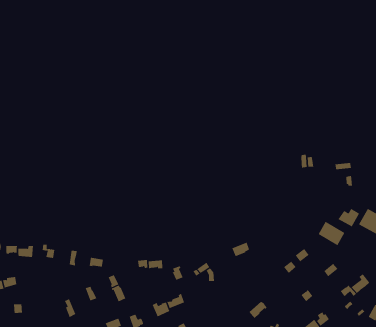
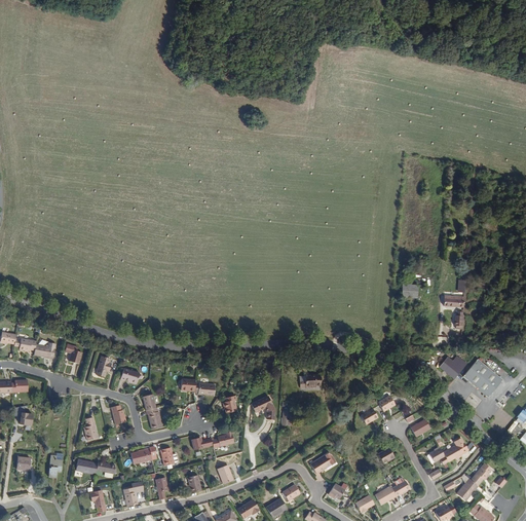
building: [318,221,345,246] -> none

